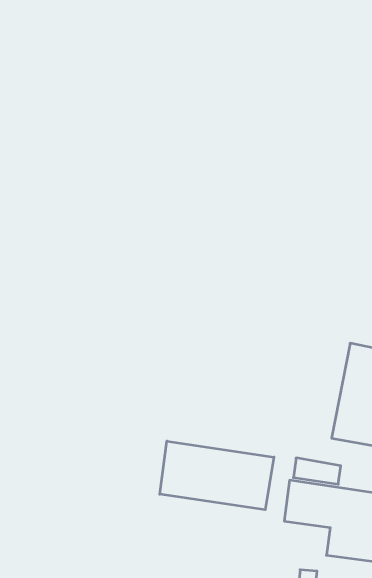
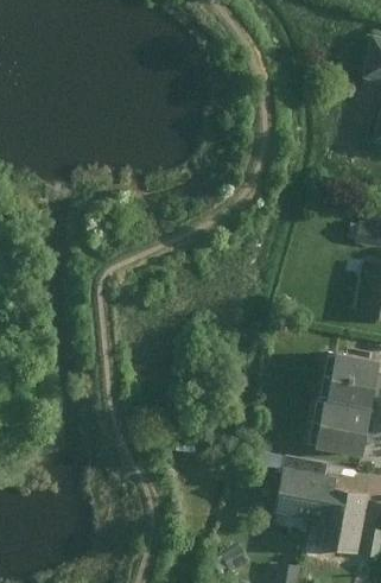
building: [160,441,274,510] -> none

